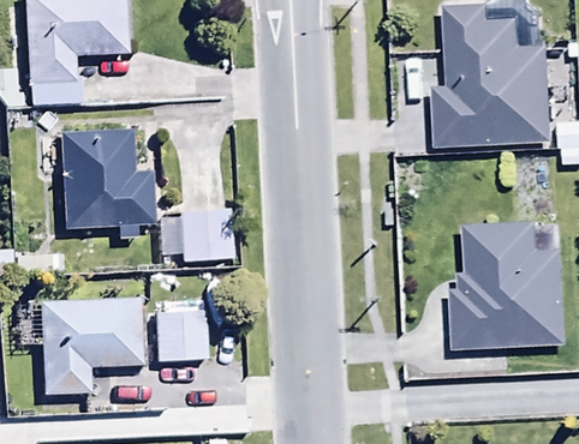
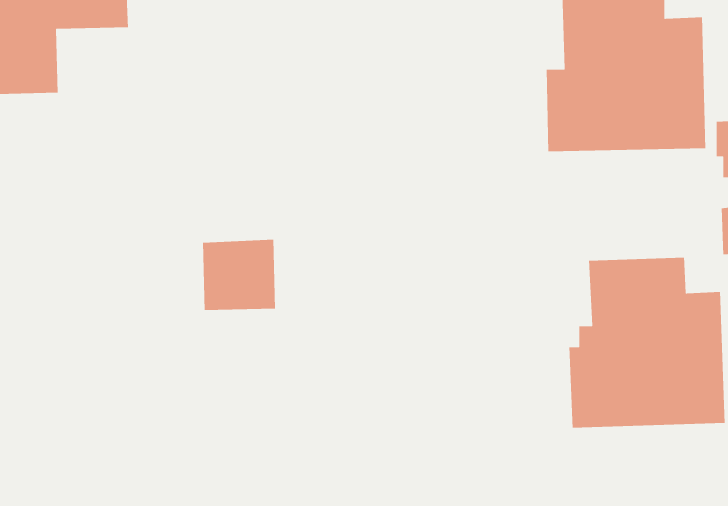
building: [60,128,154,238] -> none
building: [40,298,142,392] -> none
building: [155,310,208,360] -> none

